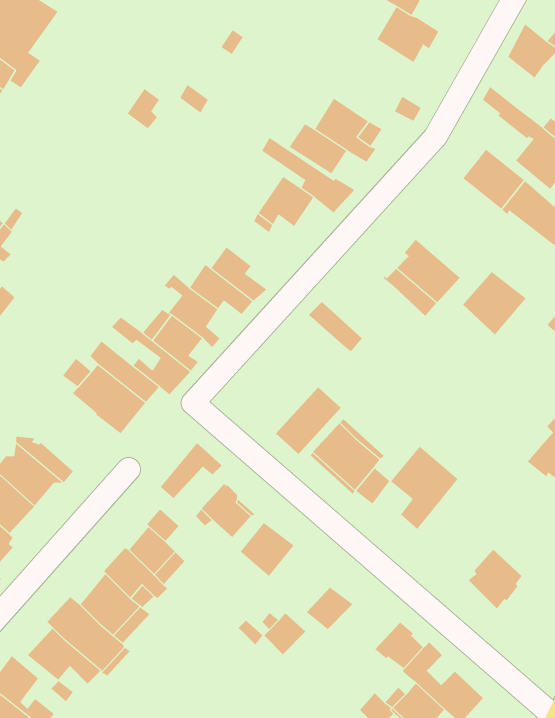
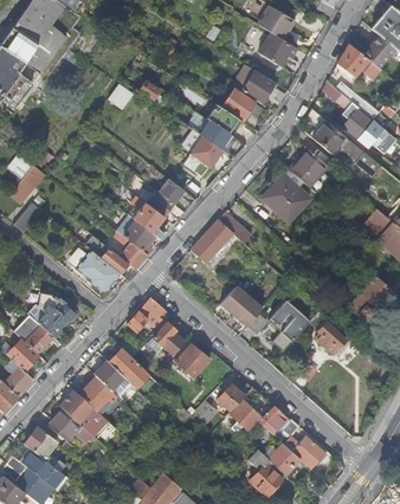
building: none -> [238,69,273,104]
building: [462,271,527,336] -> [288,148,327,187]
building: [275,386,342,455] -> [191,220,231,261]
building: [468,549,522,609] -> [314,317,347,354]
building: none -> [230,387,259,429]

